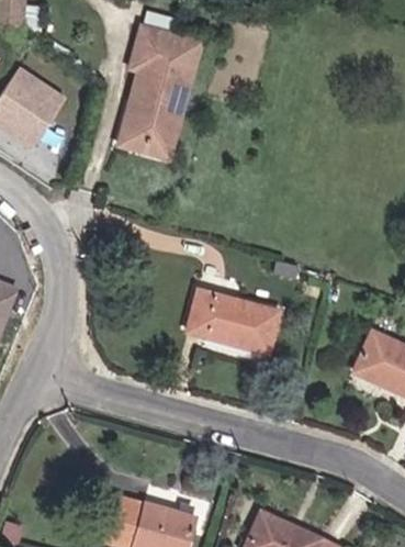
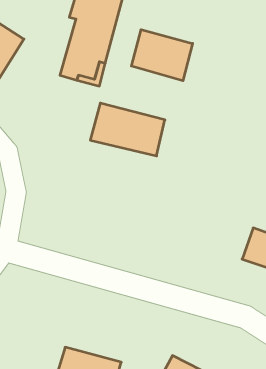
building: none -> [131,30,193,81]
building: [184,278,282,347] -> [90,103,165,156]

